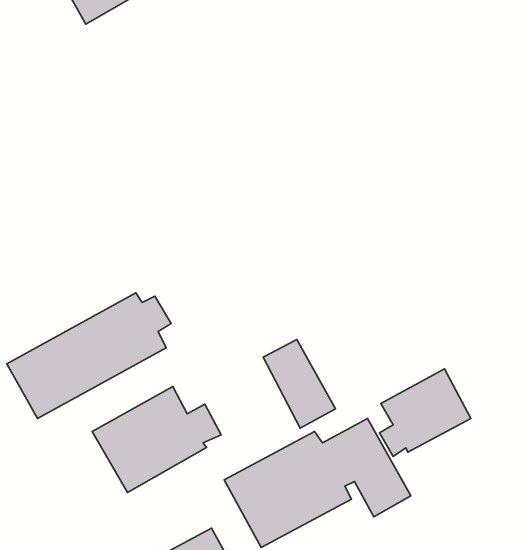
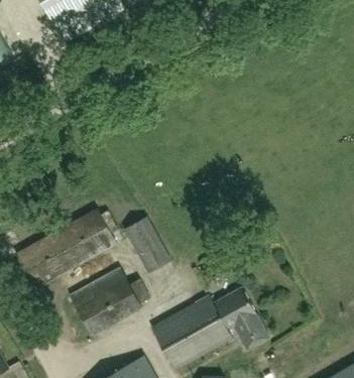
building: [263,340,335,428] -> [123,217,168,272]
building: [379,369,471,456] -> none

